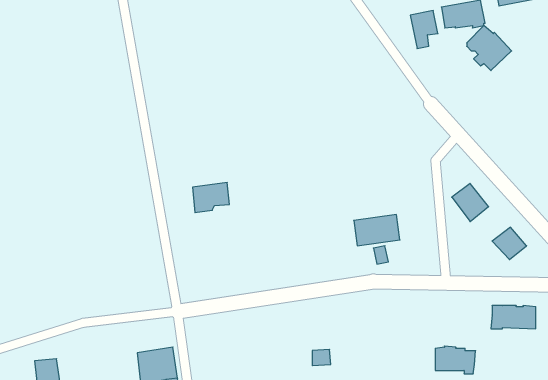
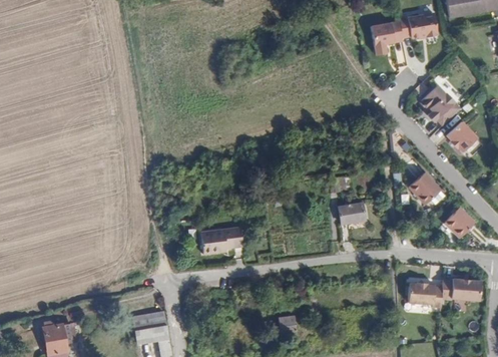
building: [467,26,512,71] -> [421,86,460,125]
building: none -> [447,120,477,150]
building: [193,183,229,213] -> [205,224,237,250]
building: [435,346,476,374] -> [408,283,443,307]

